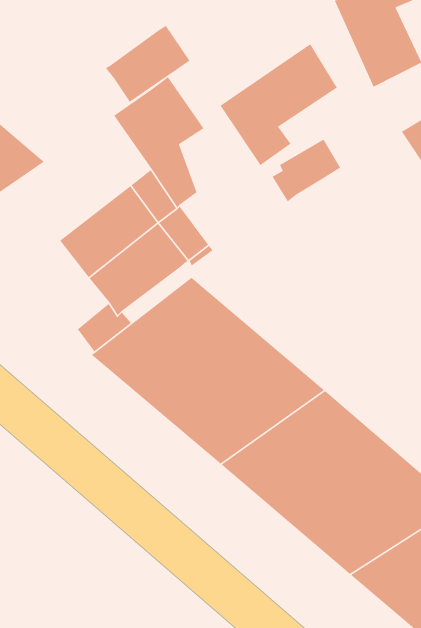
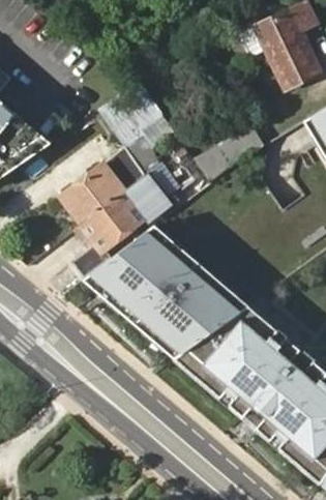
building: [105,25,190,103] -> none
building: [219,43,338,166] -> none

